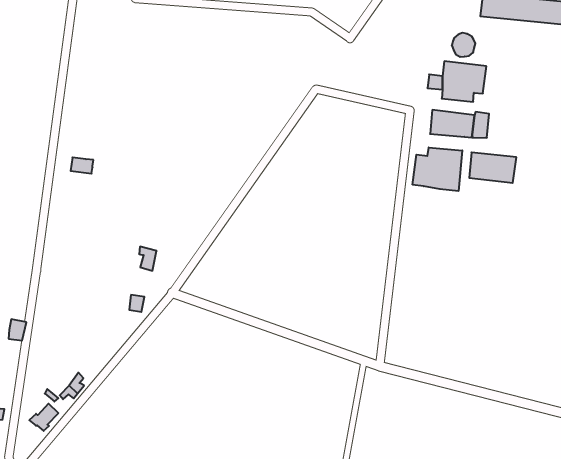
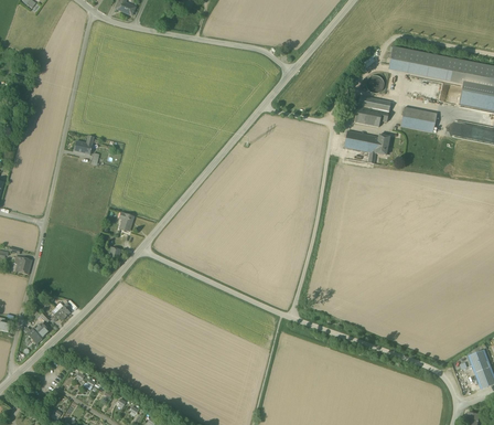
building: [413,147,462,191] -> none
building: [469,152,516,183] -> [400,107,437,132]

